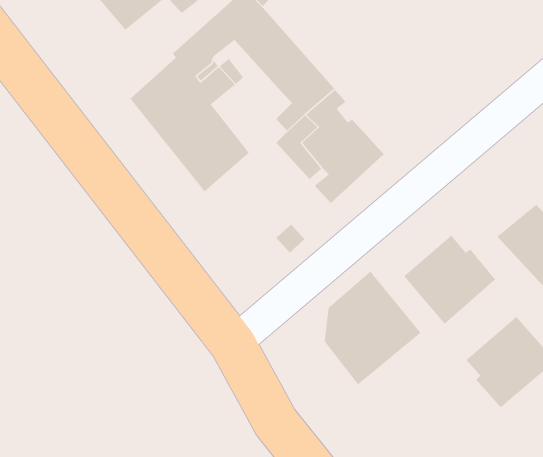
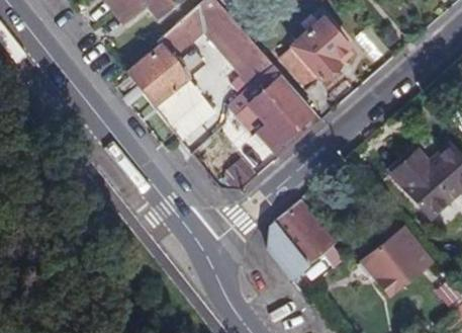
building: none -> [282,21,353,90]
building: [403,235,496,325] -> none

